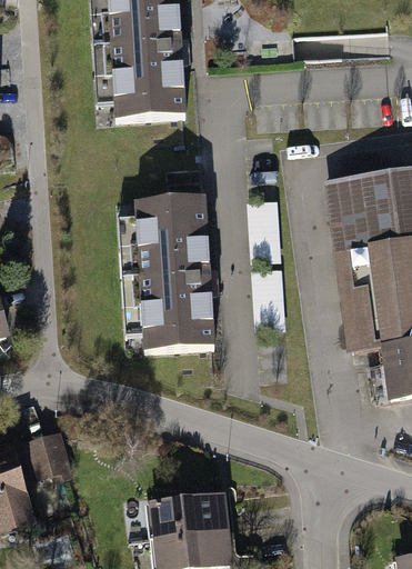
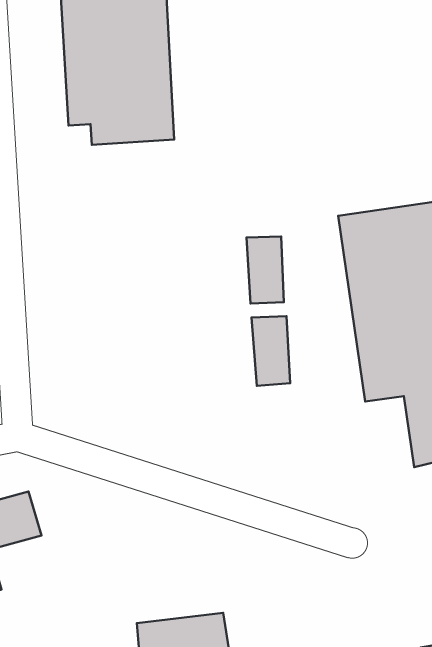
building: [117,201,214,352] -> none
building: [148,492,228,538] -> none

